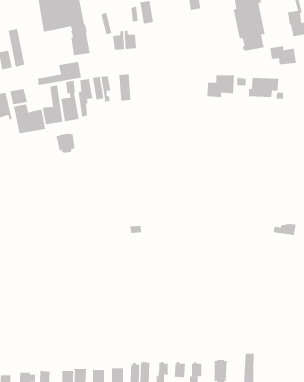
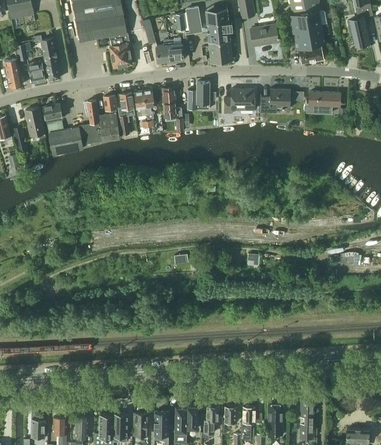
building: none -> [205,11,233,62]
building: none -> [251,25,278,46]
building: [270,46,296,65] -> none
building: [38,61,81,86] -> none
building: none -> [187,82,210,110]
building: none -> [224,89,254,114]
building: [56,133,75,153] -> none

